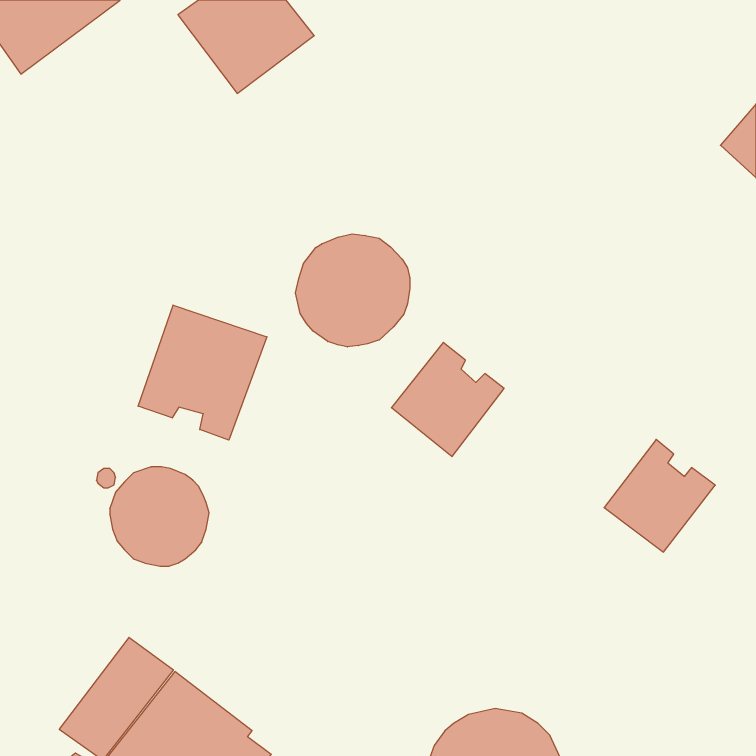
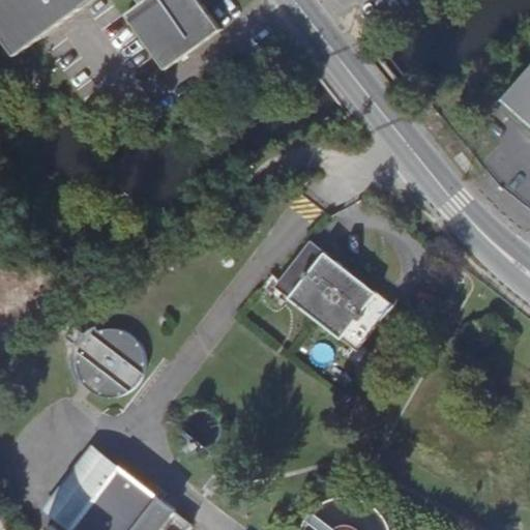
building: [295,234,410,347] -> none
building: [138,305,267,440] -> none
building: [604,439,715,552] -> [316,272,393,351]

